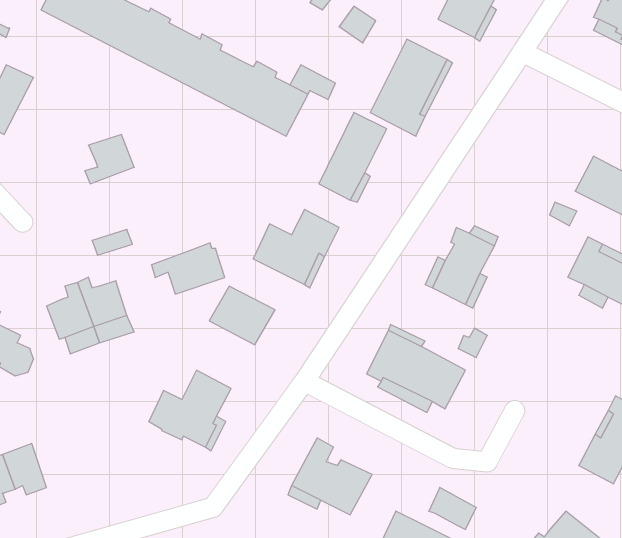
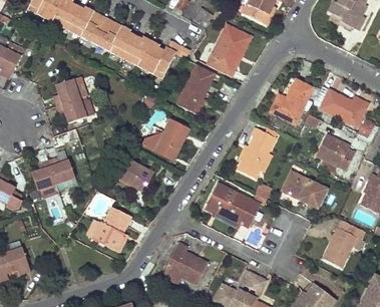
building: none -> [271,79,314,123]
building: [151,243,225,294] -> [54,91,94,119]
building: none -> [282,171,328,208]

